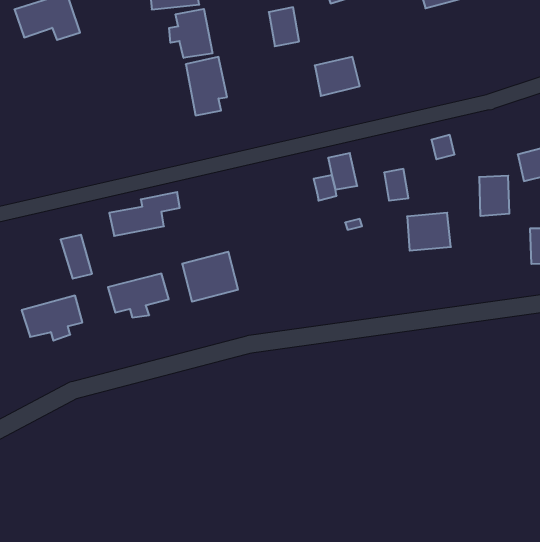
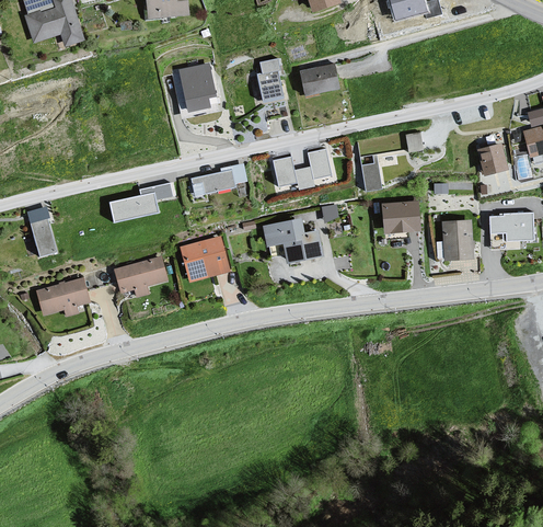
building: [269,7,299,46] -> [257,69,285,104]
building: [169,9,212,58] -> none
building: none -> [273,156,299,187]
building: none -> [192,162,250,196]
building: [479,176,509,216] -> [444,221,472,257]
building: none -> [261,218,321,263]
building: [60,235,92,279] -> [26,216,55,255]

